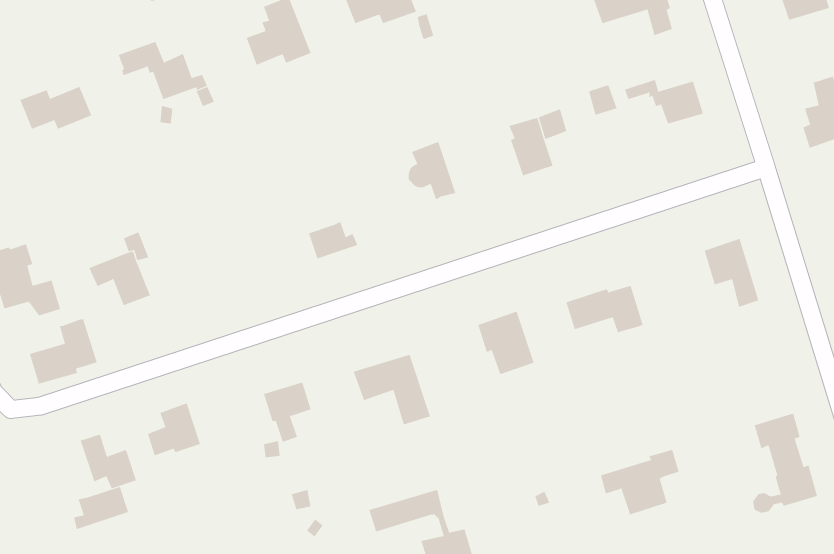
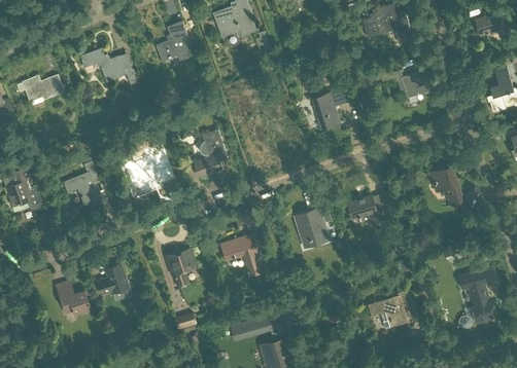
building: [408,141,456,200] -> [199,128,228,163]
building: none -> [117,145,173,199]
building: [29,319,97,384] -> none
building: [74,486,129,530] -> none

